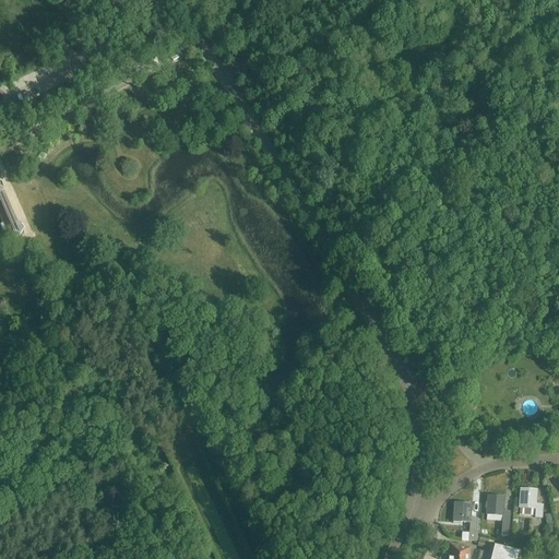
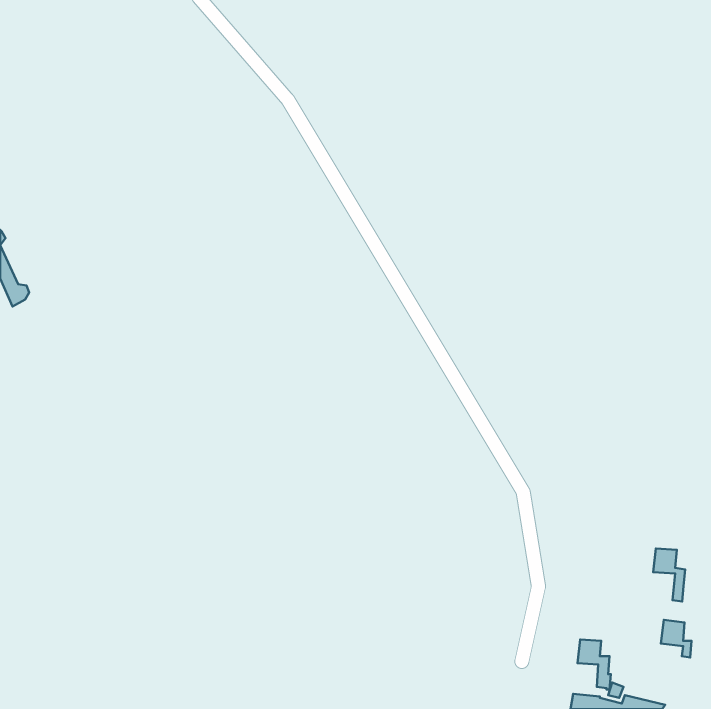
building: [486,493,511,535] -> [653,548,685,601]

